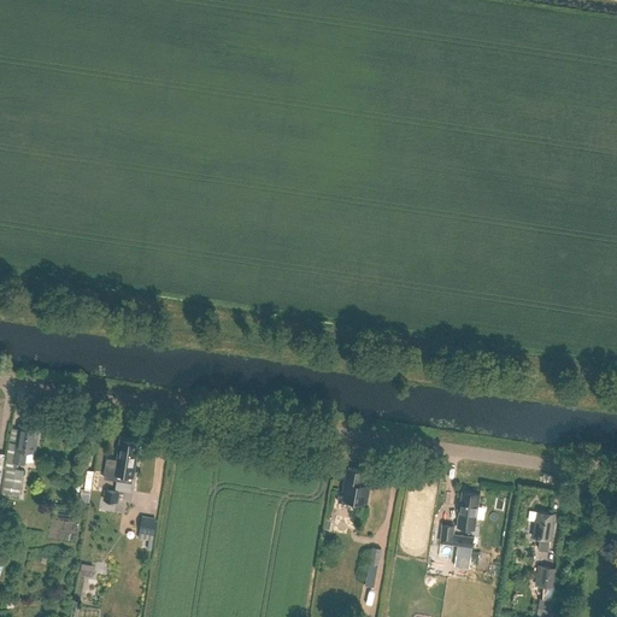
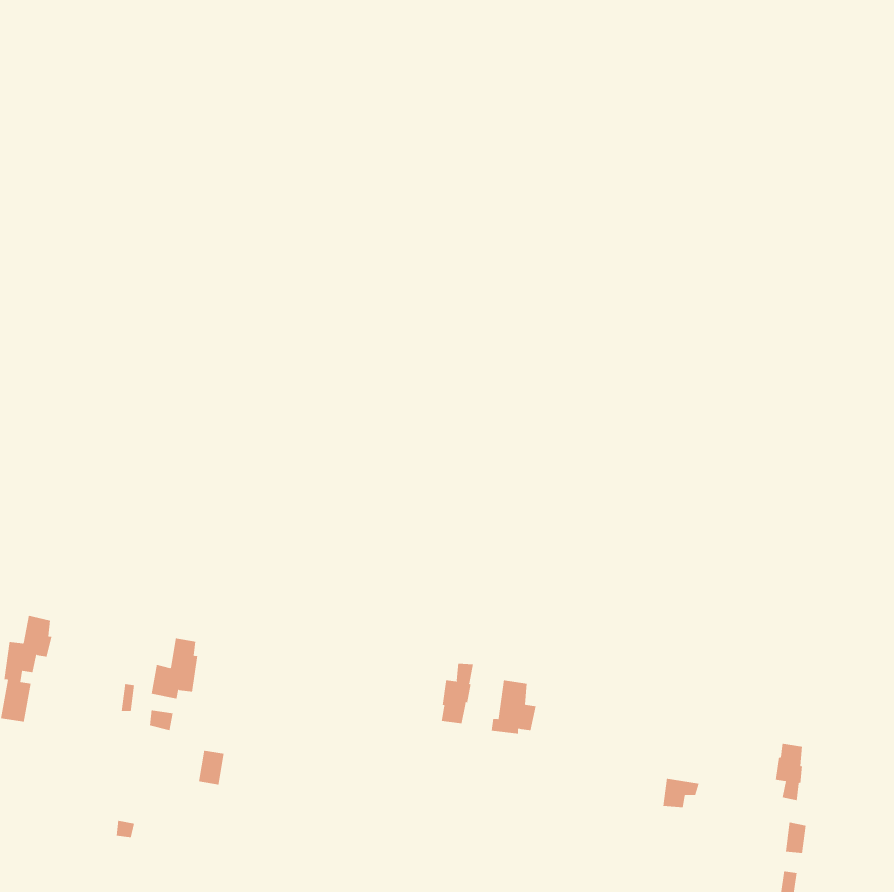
building: none -> [441,663,473,724]
building: [456,493,480,531] -> none

